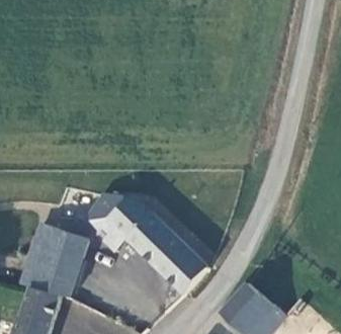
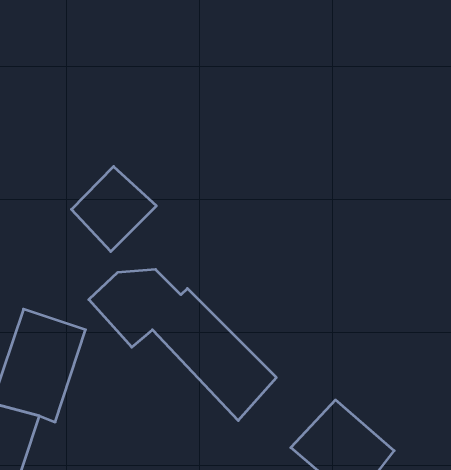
building: none -> [71,166,156,252]

